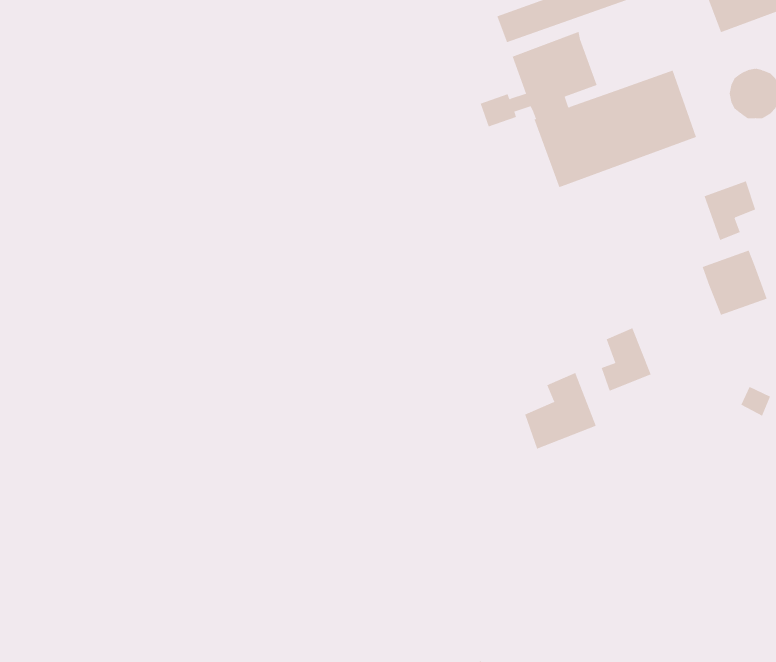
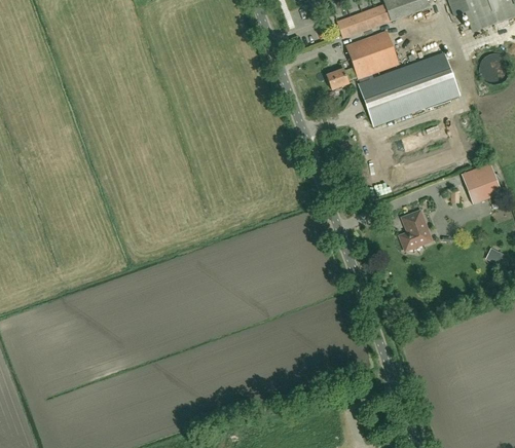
building: [704,180,756,241] -> none
building: [524,372,596,449] -> none

